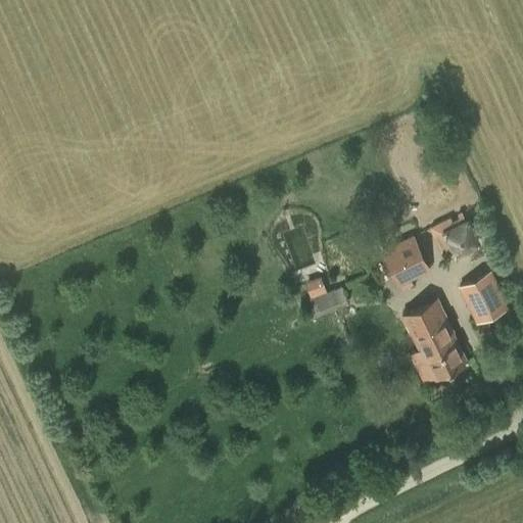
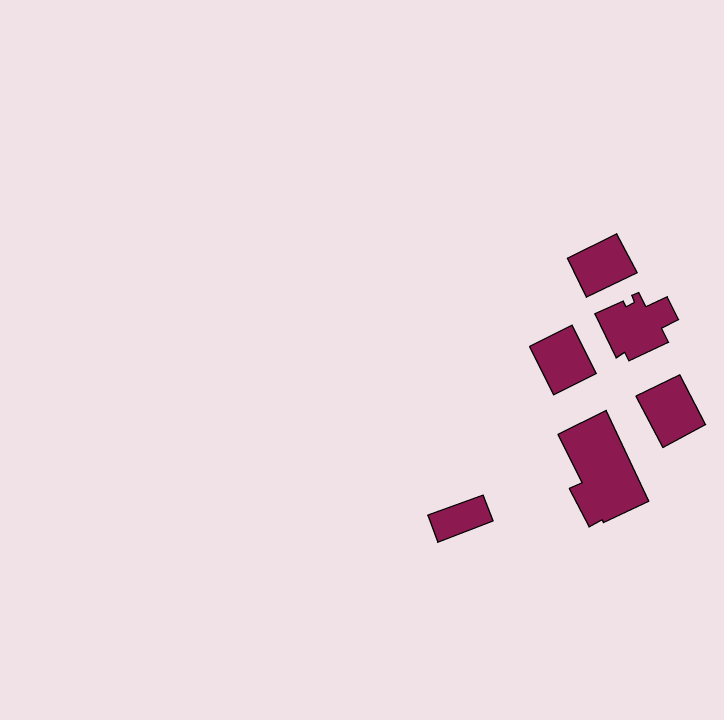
building: none -> [568,234,637,297]
building: [302,289,349,323] -> [428,495,493,542]

